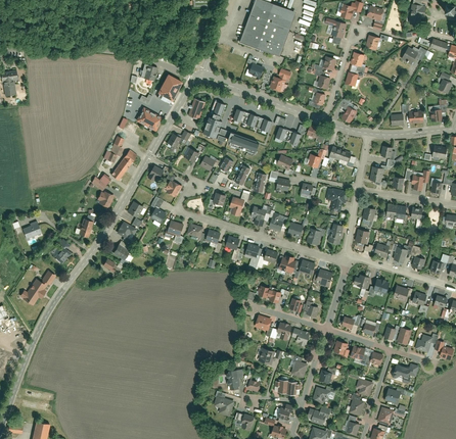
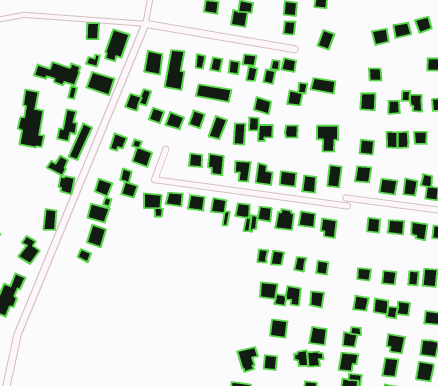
building: none -> [34,62,80,85]
building: none -> [18,90,44,148]

